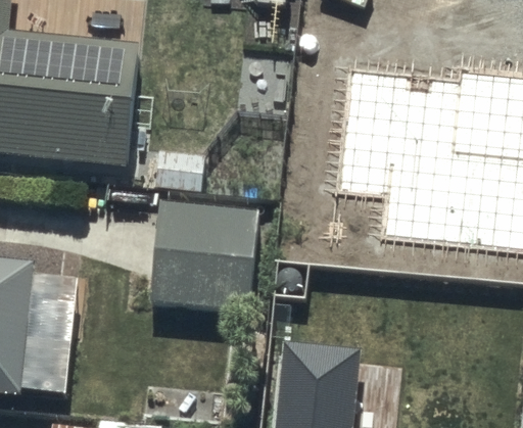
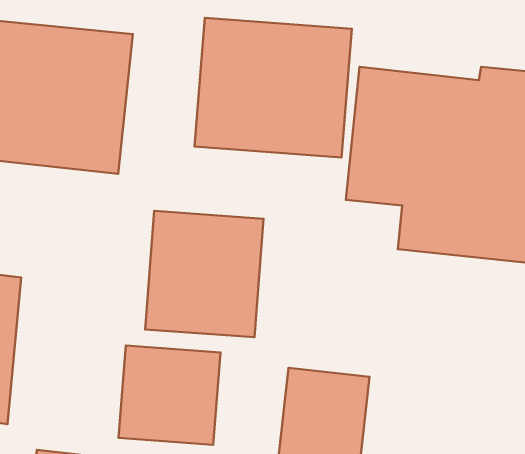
building: none -> [195,18,352,158]
building: none -> [118,345,221,445]

